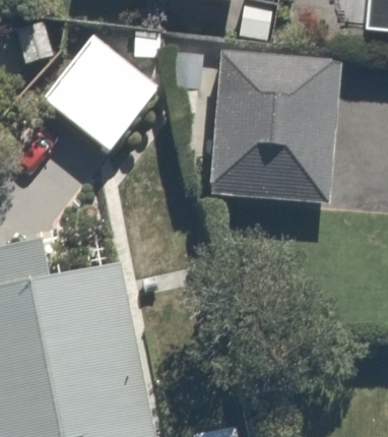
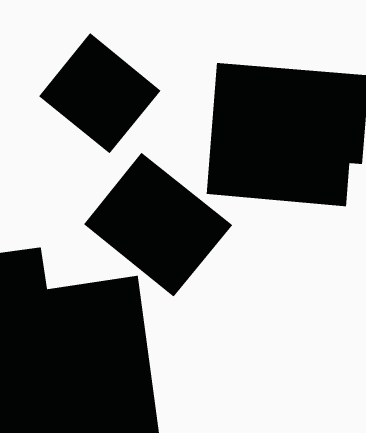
building: none -> [83,152,233,298]

